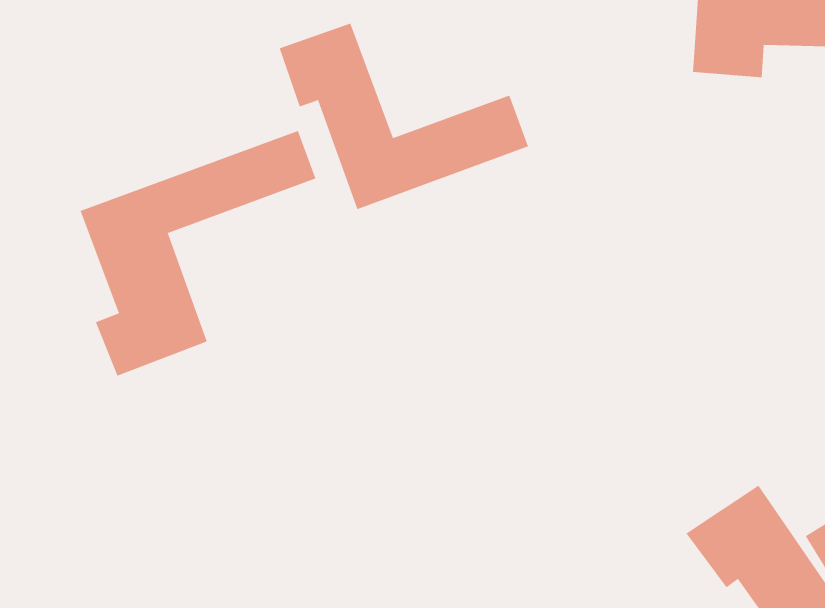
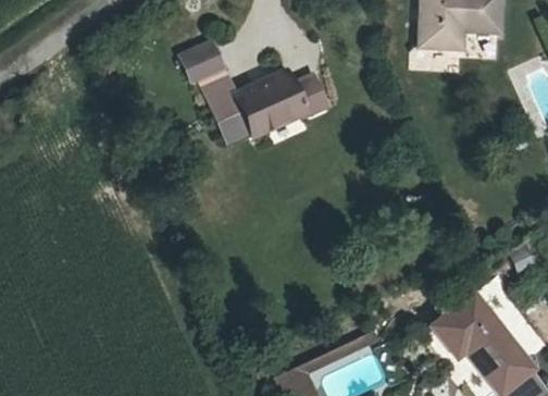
building: [80,130,316,377] -> none

